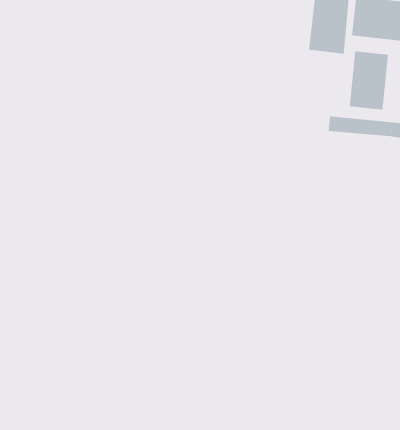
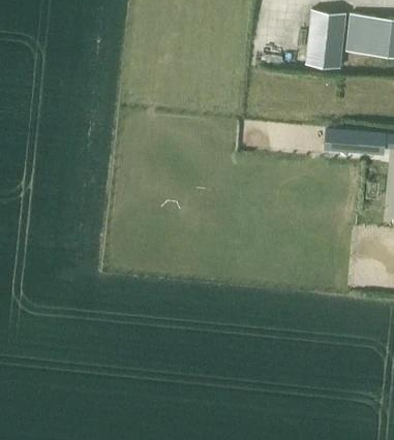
building: [349,51,388,110] -> none

